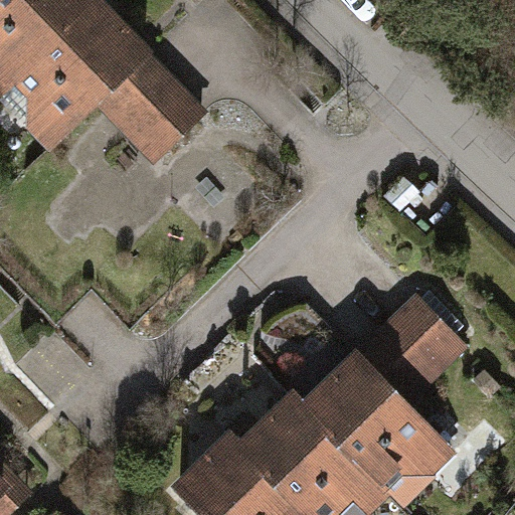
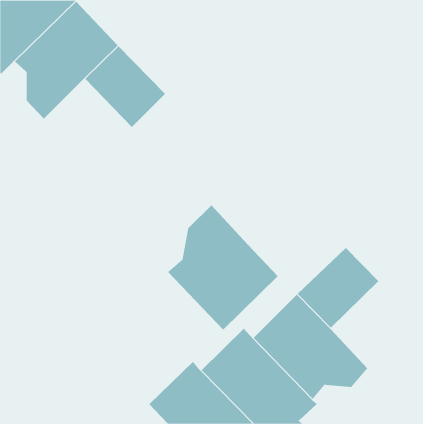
building: none -> [167,205,279,330]

